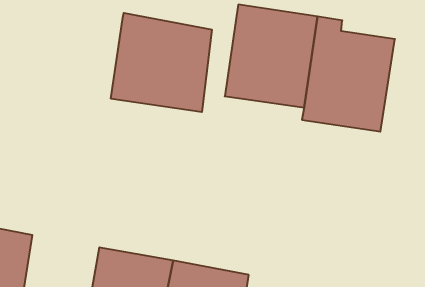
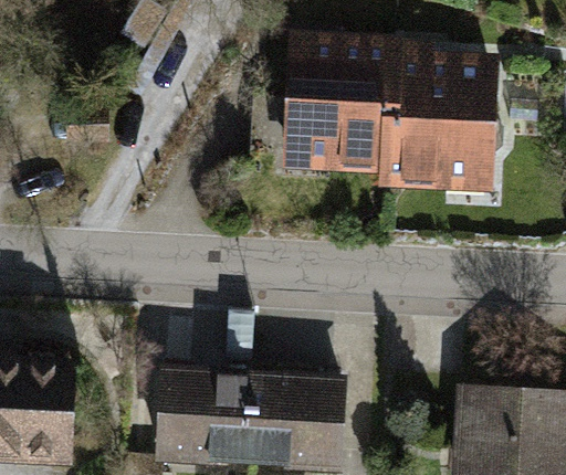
building: [111,13,212,112] -> none

